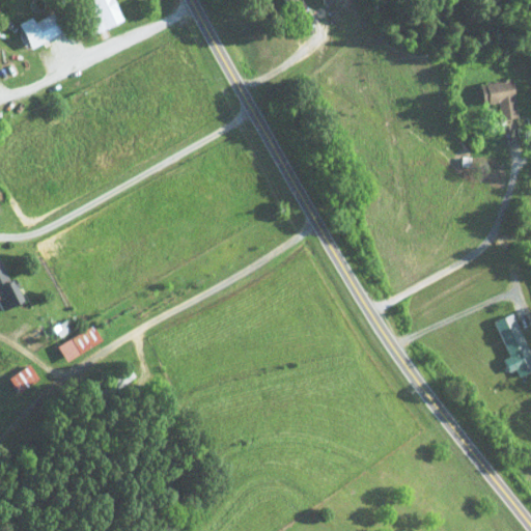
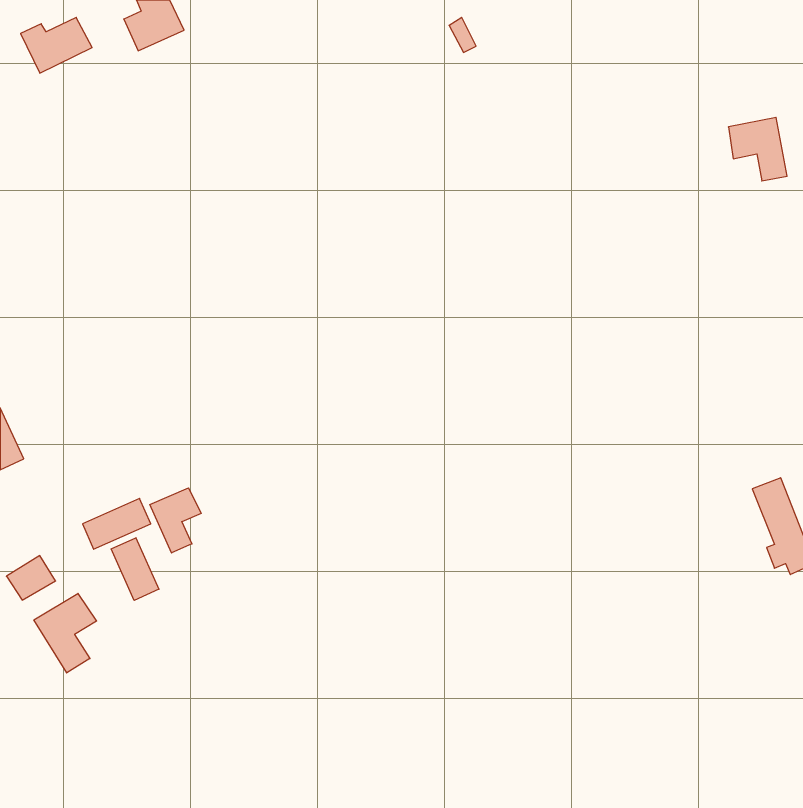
building: none -> [150,488,201,553]
building: none -> [111,538,159,600]
building: none -> [34,593,97,673]

